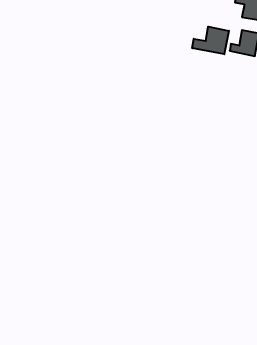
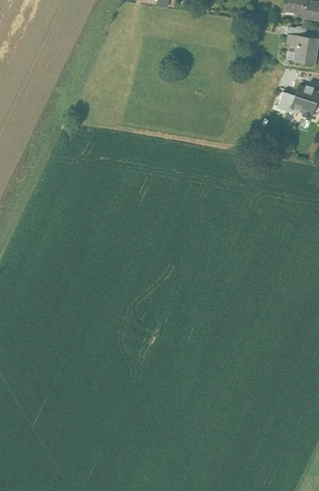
building: [192,27,229,54] -> none

